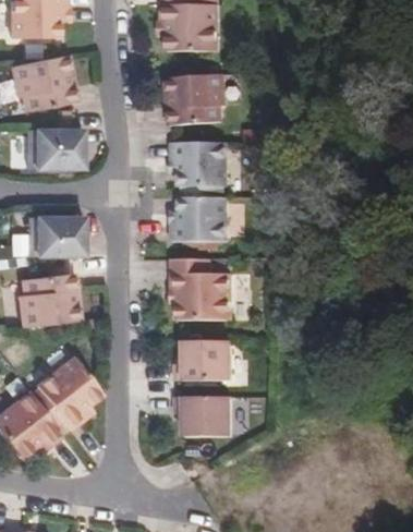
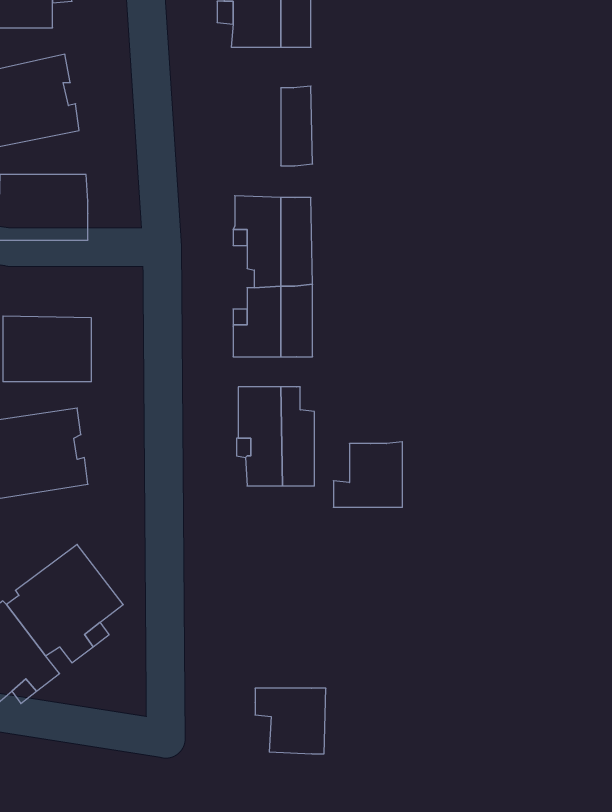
building: [169,82,201,132] -> none
building: [179,347,221,387] -> [333,442,402,507]
building: [178,403,221,444] -> [255,688,326,754]

